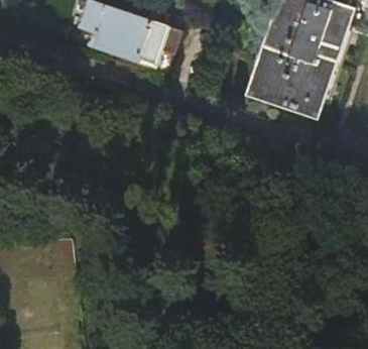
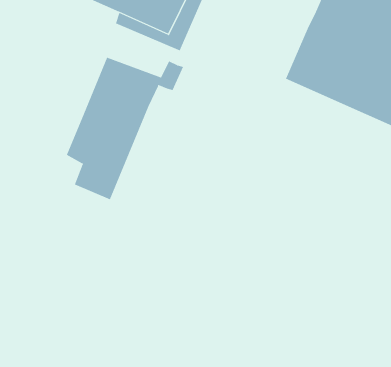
building: none -> [66,57,184,200]

